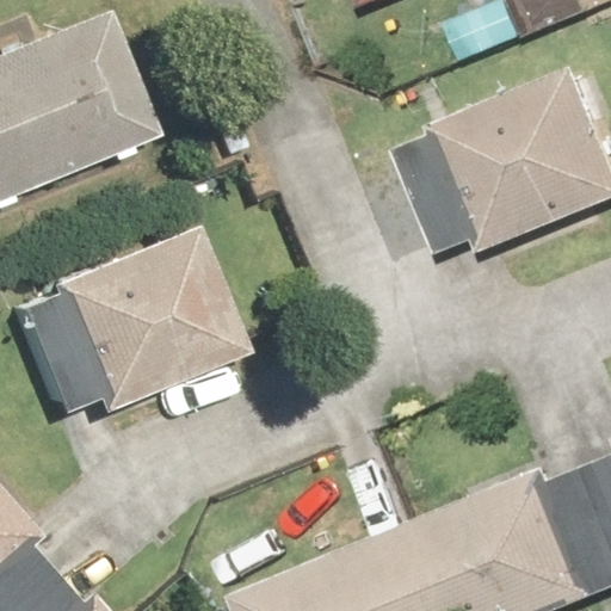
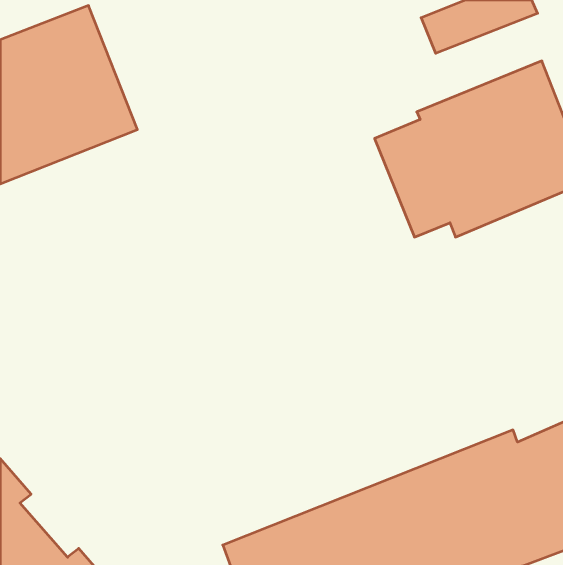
building: [14,223,245,415] -> none

